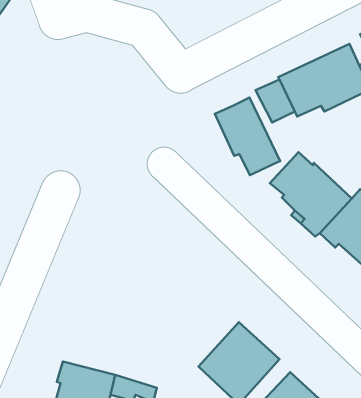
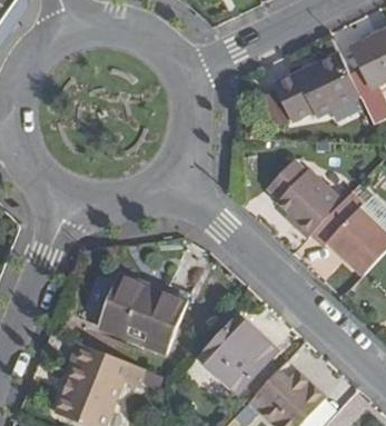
building: [215,97,280,175] -> none
building: none -> [97,275,181,351]

